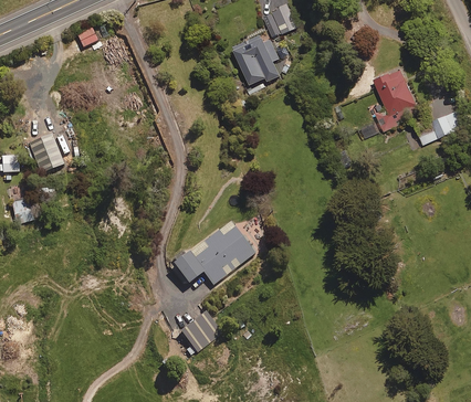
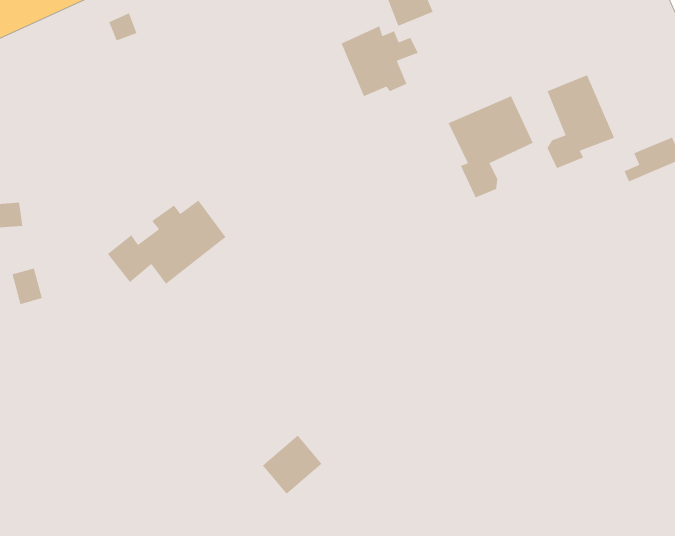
building: none -> [448,95,534,198]
building: [28,135,63,172] -> none
building: [172,228,253,285] -> [107,200,226,285]

